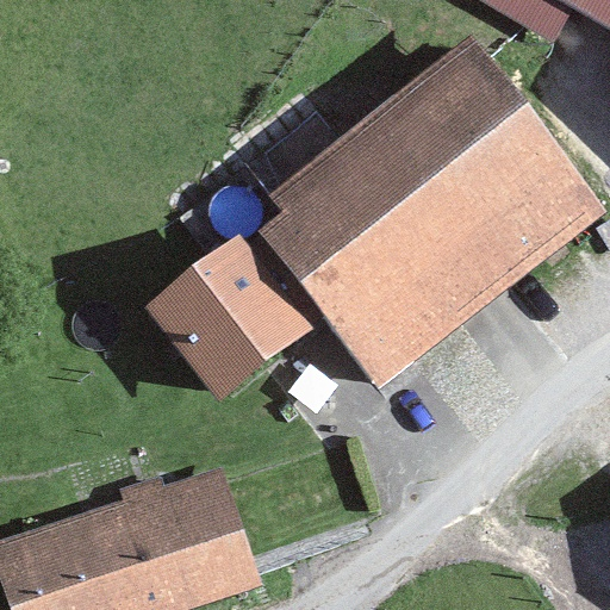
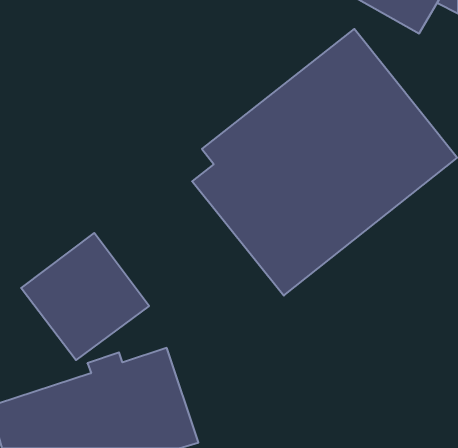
building: [145,241,315,409] -> [21,233,149,360]

